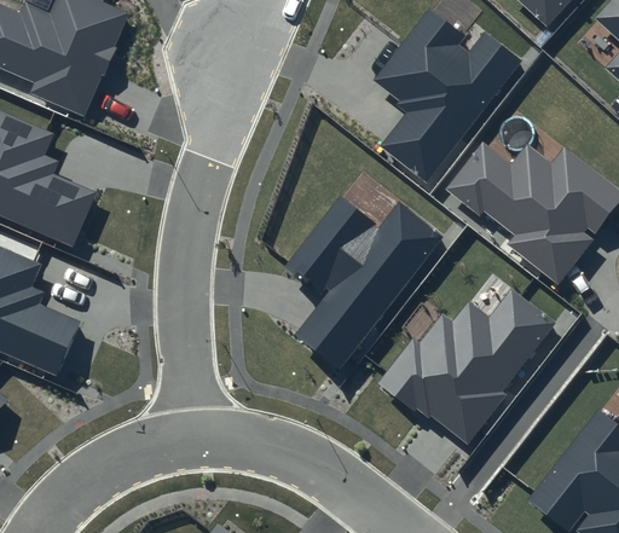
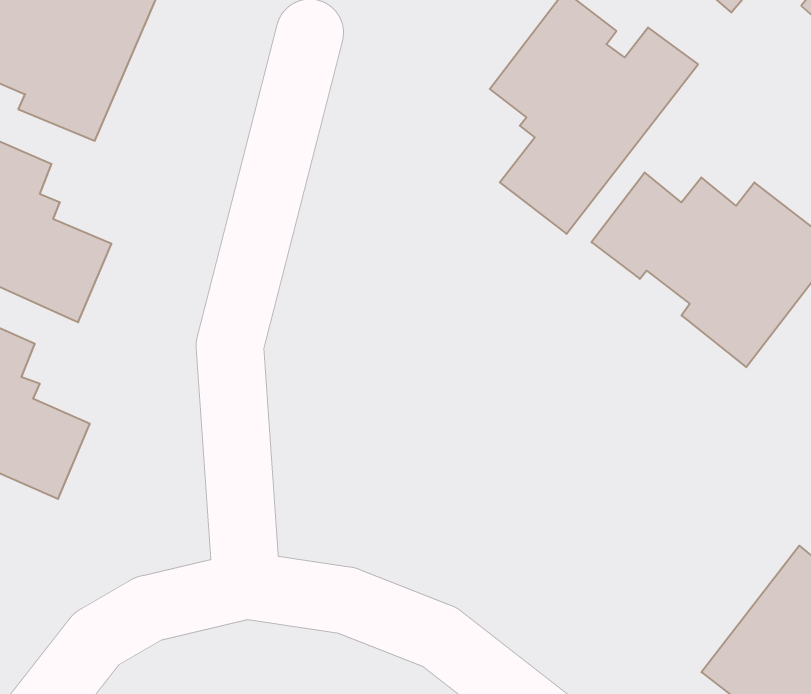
building: [288,195,446,370] -> none
building: [378,289,554,442] -> none

